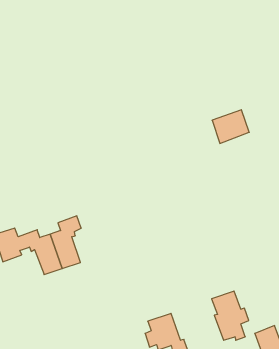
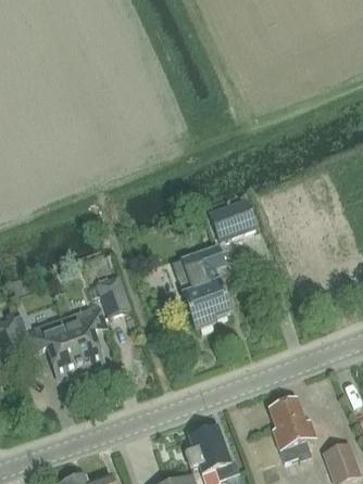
building: [212,110,249,143] -> [209,198,255,240]
building: none -> [176,246,229,328]
building: none -> [97,276,129,315]

